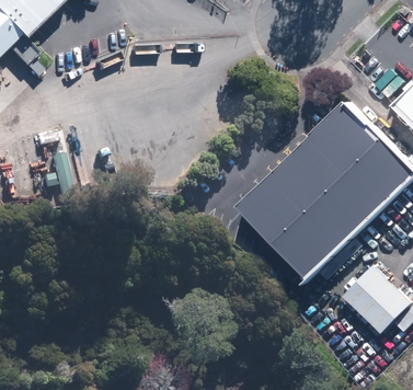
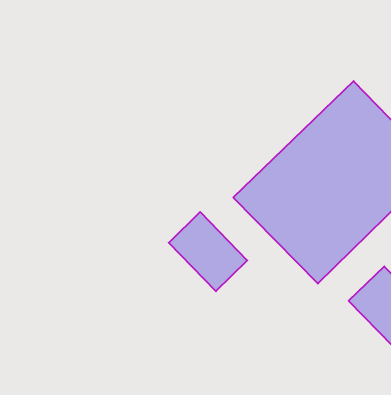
building: none -> [169,212,247,291]

